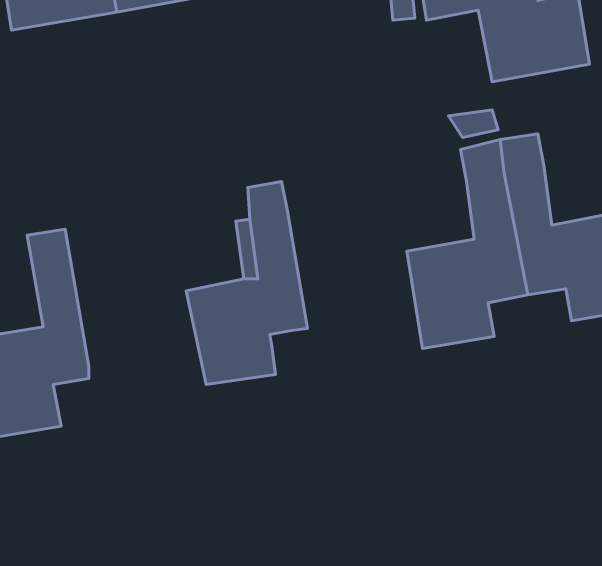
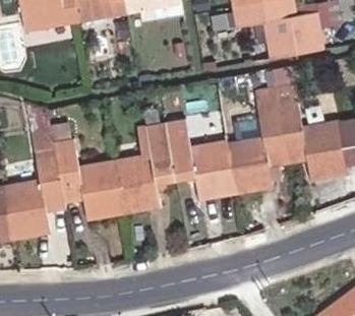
building: none -> [166,121,235,199]
building: none -> [52,128,124,219]

